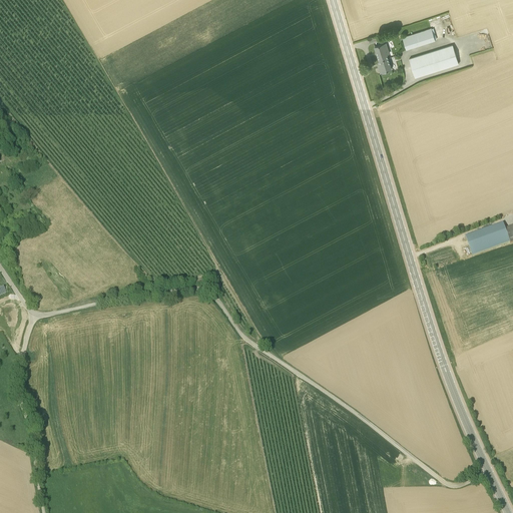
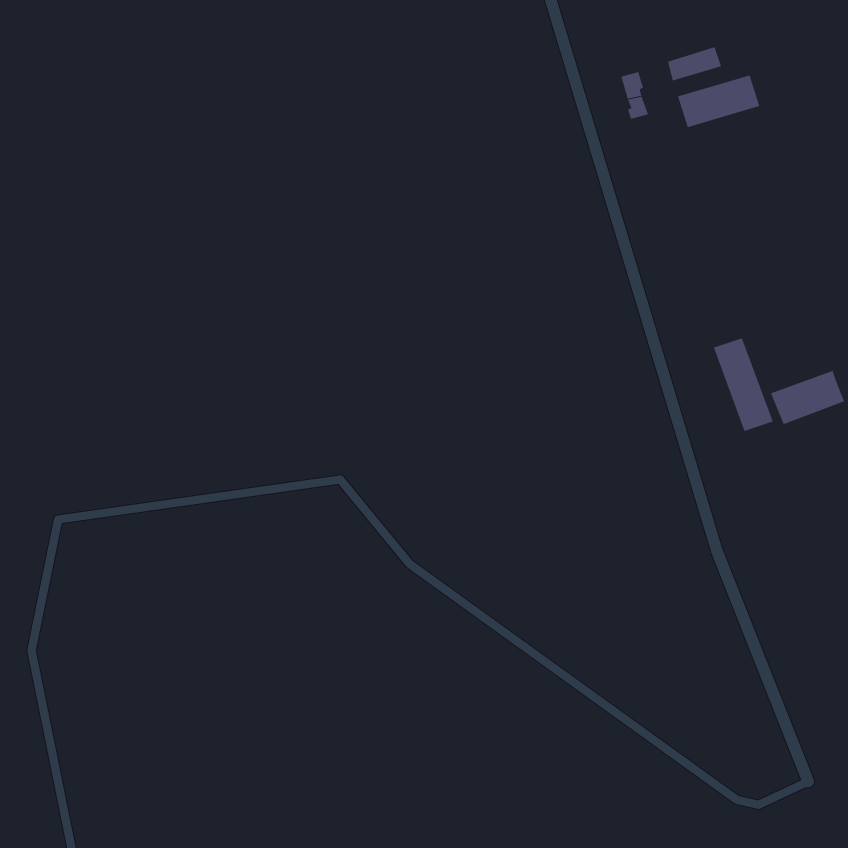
building: none -> [713,337,773,432]

